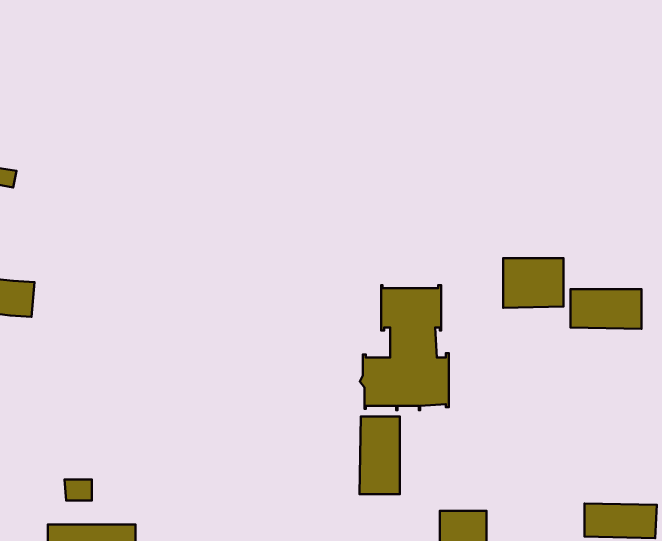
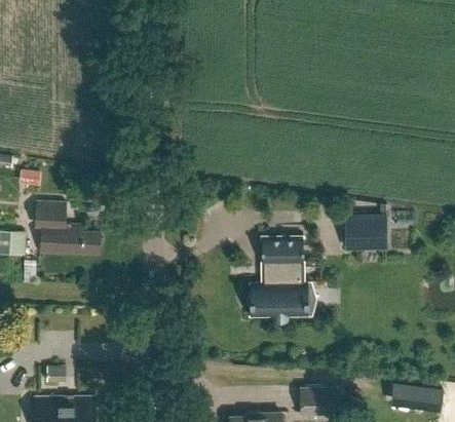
building: none -> [36,201,99,255]
building: [571,289,641,329] -> none
building: [360,417,400,494] -> none

